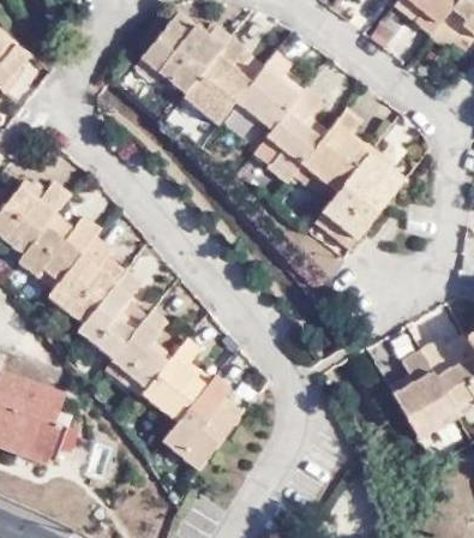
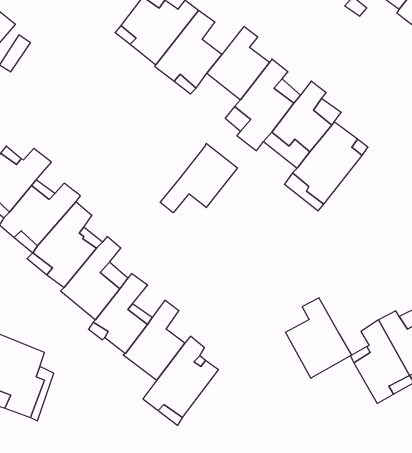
building: none -> [160,143,237,213]
building: none -> [285,298,352,378]

